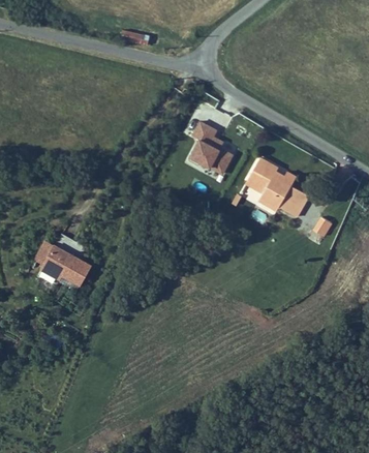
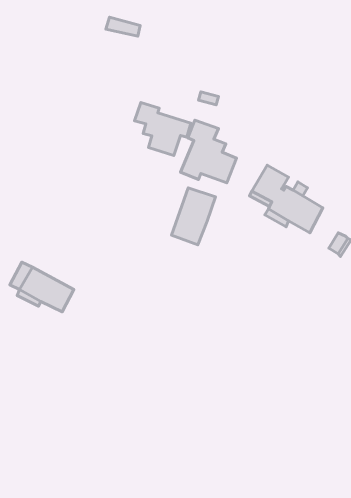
building: none -> [135,103,191,156]
building: none -> [172,188,215,245]

